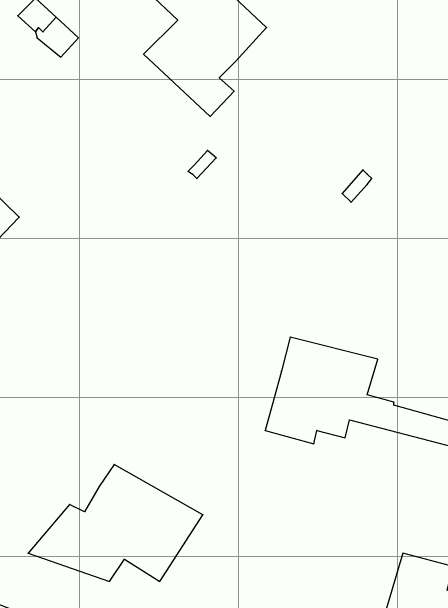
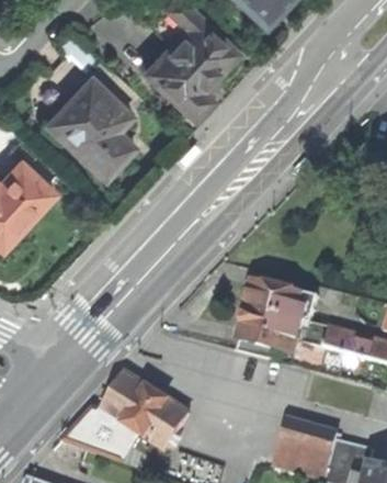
building: none -> [47,74,135,175]
building: none -> [275,419,334,473]

